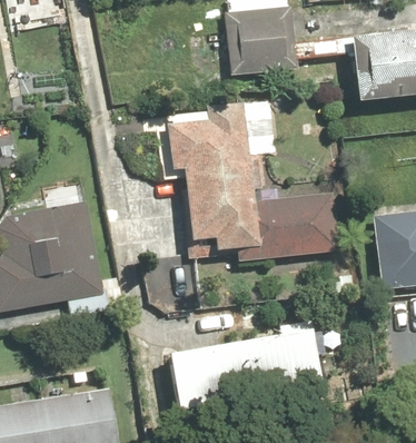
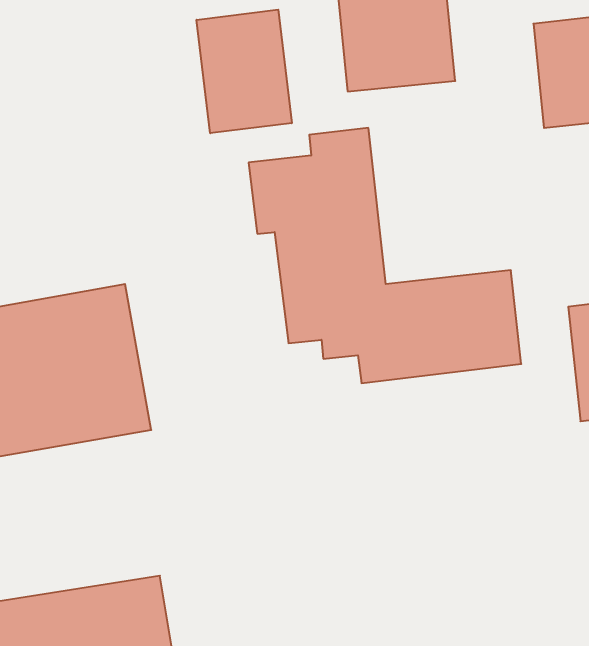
building: none -> [197,10,292,133]
building: [168,328,323,413] -> none

